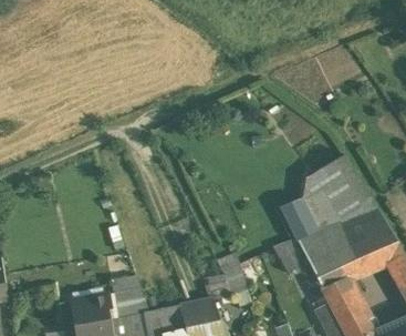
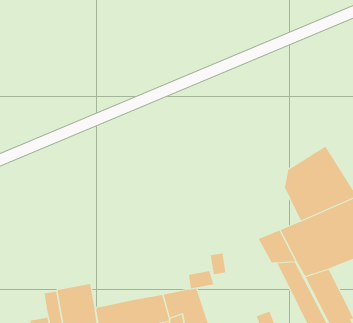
building: [281,196,319,240] -> none
building: [111,275,148,317] -> none

